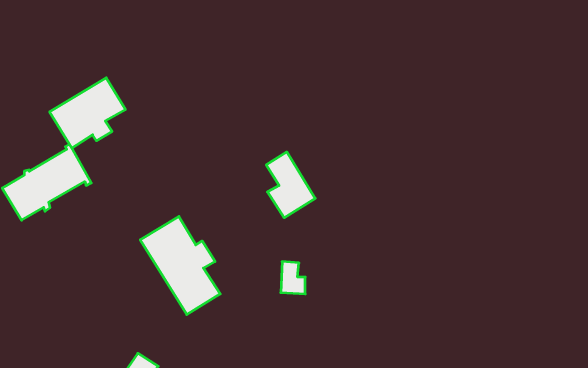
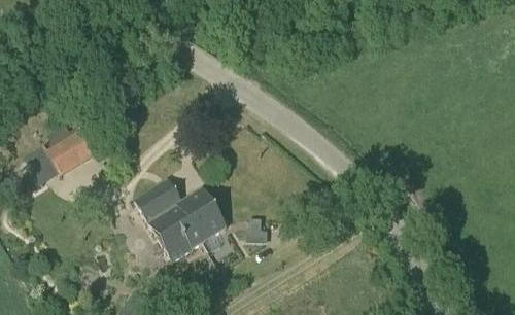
building: [50,78,125,148] -> none
building: [266,152,315,218] -> [186,191,226,244]

